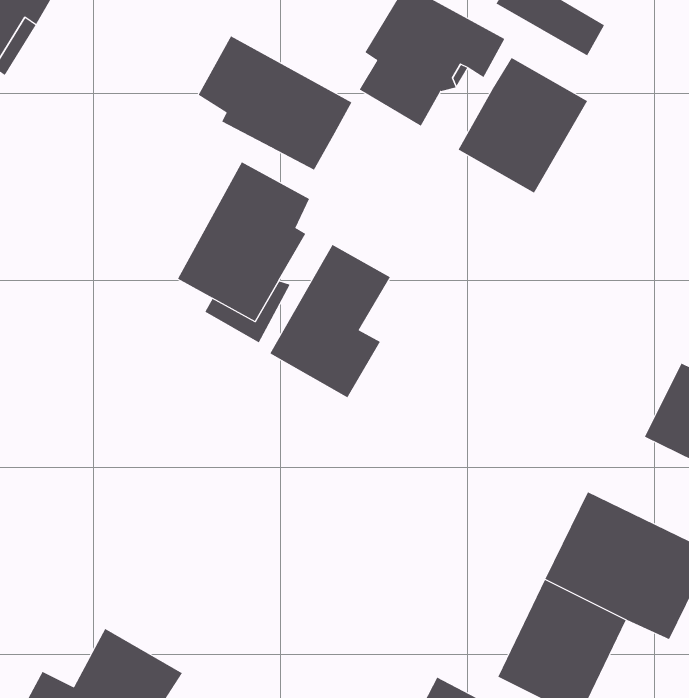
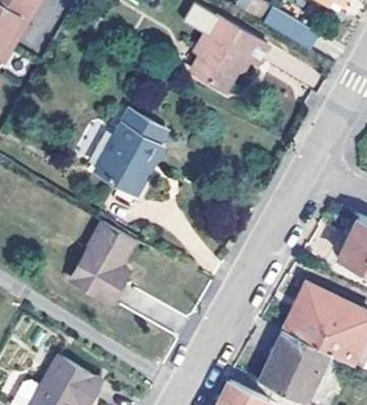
building: [198,36,352,171] -> none
building: [458,57,588,194] -> none
building: [270,244,391,398] -> [68,221,132,302]

